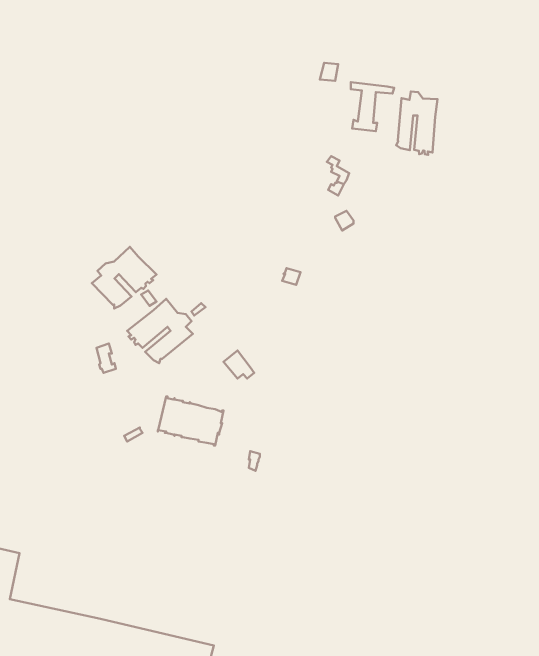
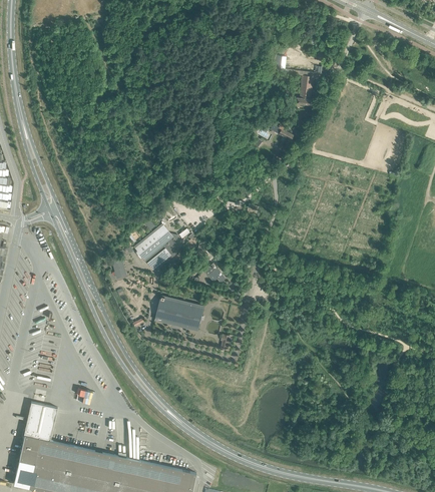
building: [396,92,437,155] -> none
building: [92,247,157,309] -> none

